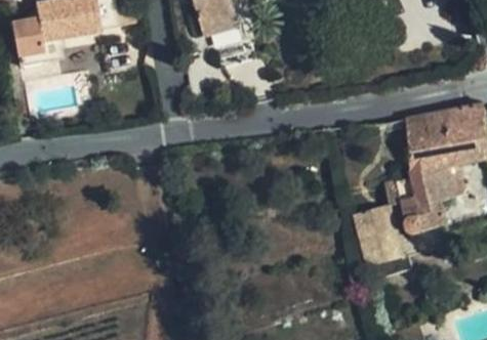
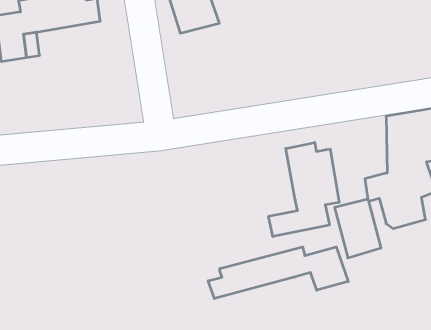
building: none -> [269,142,339,237]
building: none -> [208,247,348,299]

